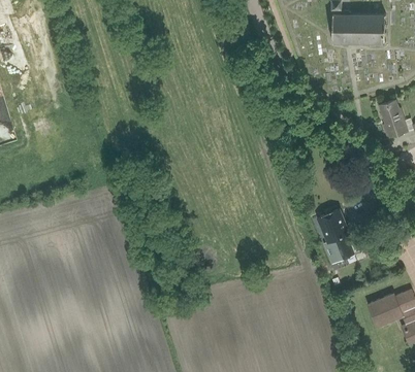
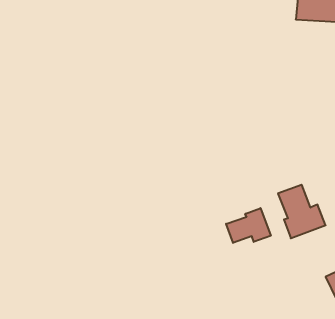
building: none -> [226,208,271,243]

